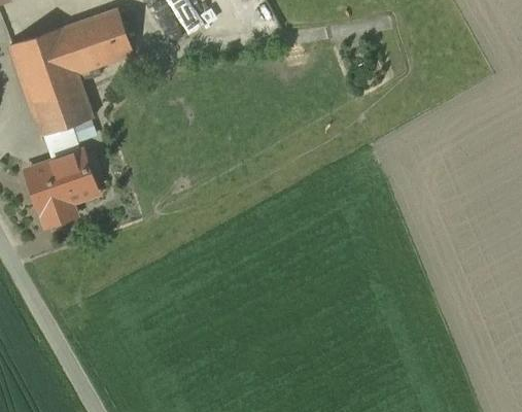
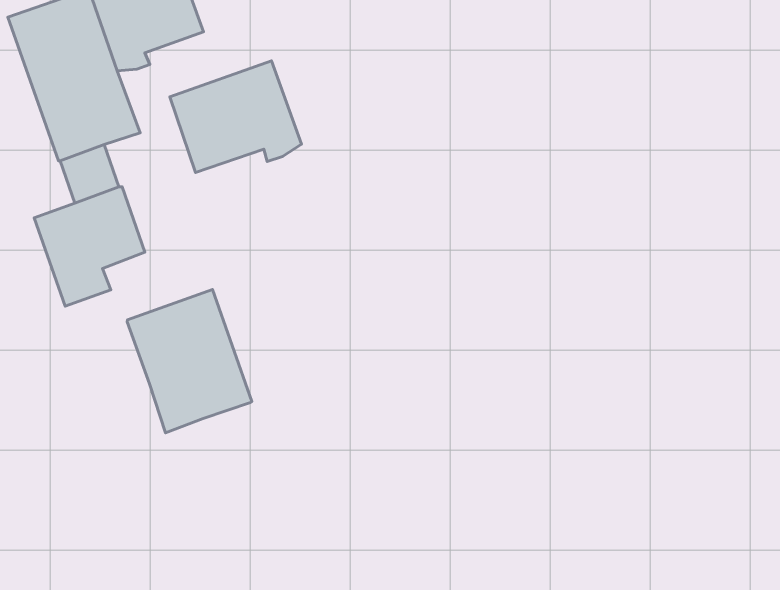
building: none -> [170,61,301,172]
building: none -> [127,290,252,433]

